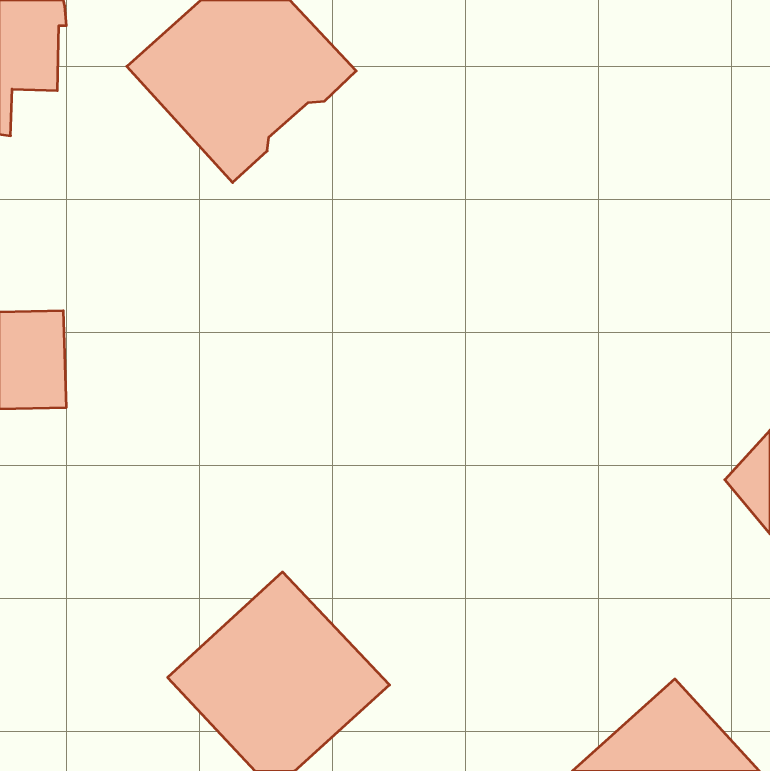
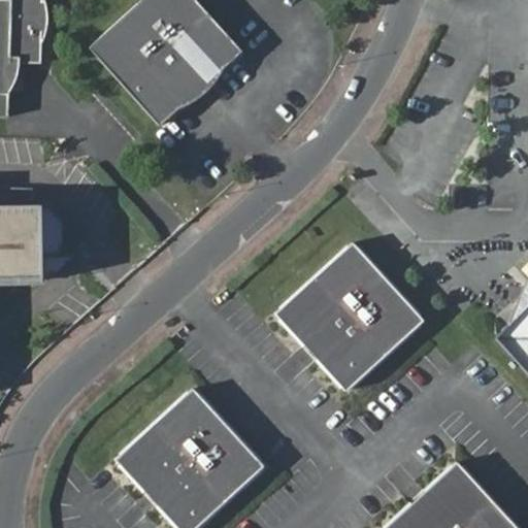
building: none -> [276,242,428,393]

